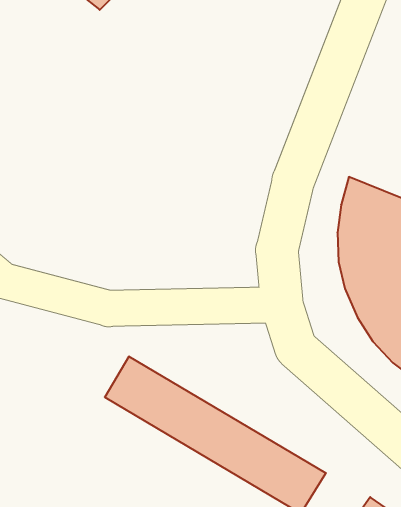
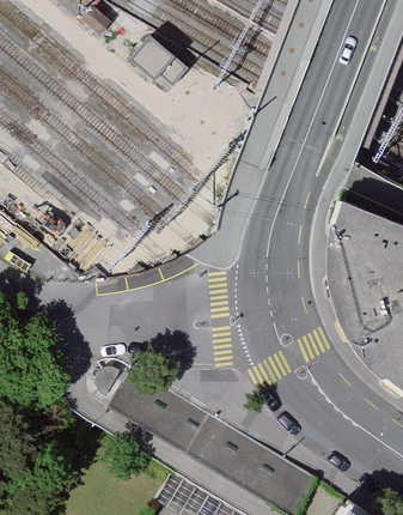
building: none -> [130,36,190,86]

